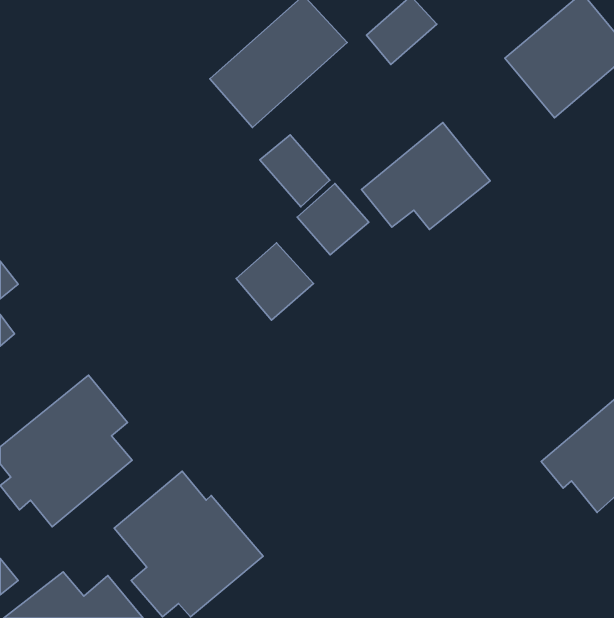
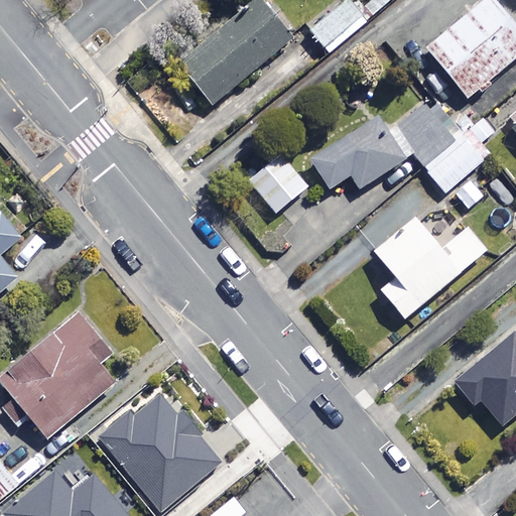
building: none -> [393,99,495,191]
building: [260,135,330,207] -> none
building: [236,243,313,320] -> none
building: none -> [375,217,489,317]

